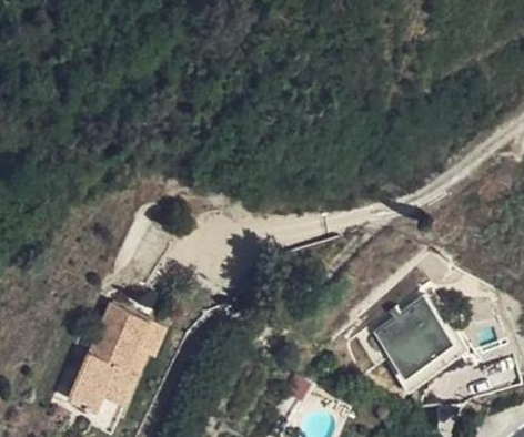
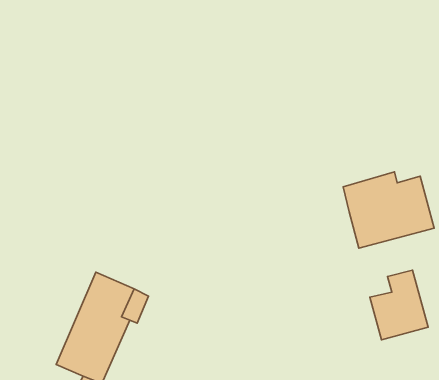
building: none -> [343,172,434,248]

